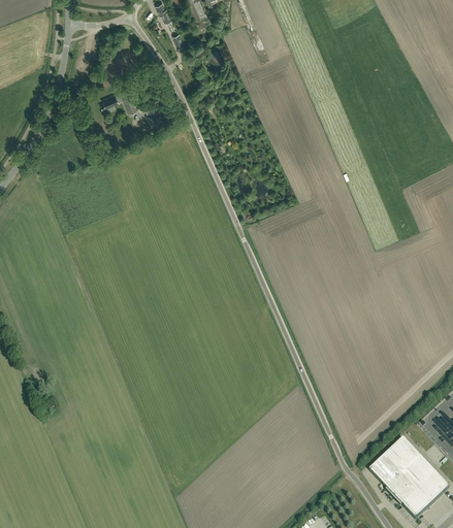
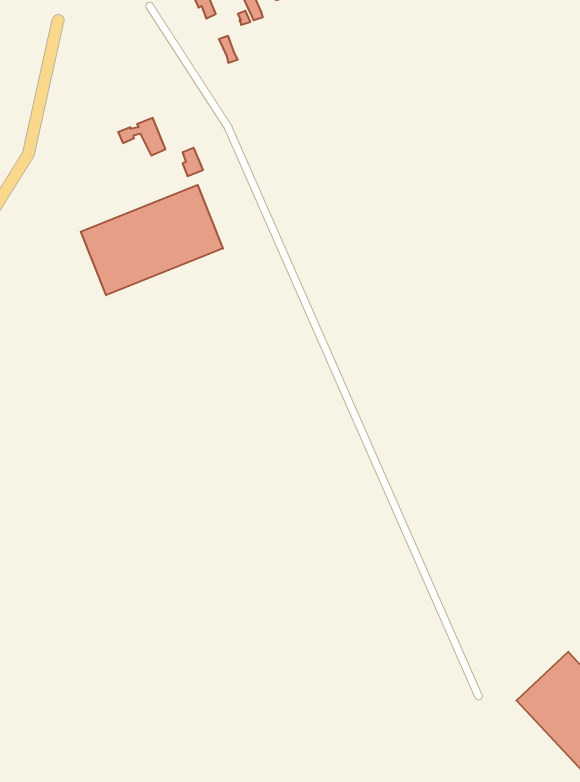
building: none -> [81,185,223,295]

